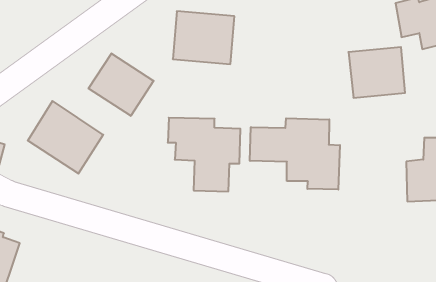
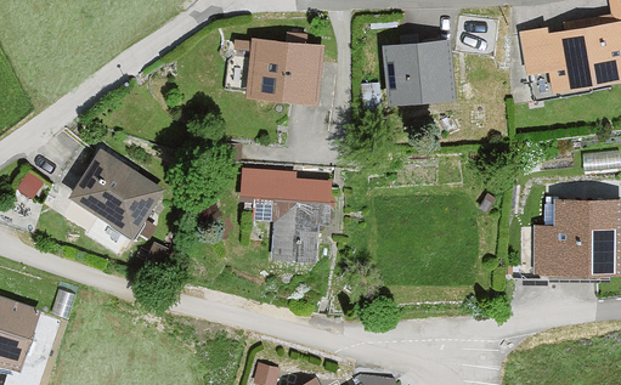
building: [348,47,405,98] -> [385,43,455,104]
building: [89,53,154,116] -> none
building: [250,118,340,190] -> none

